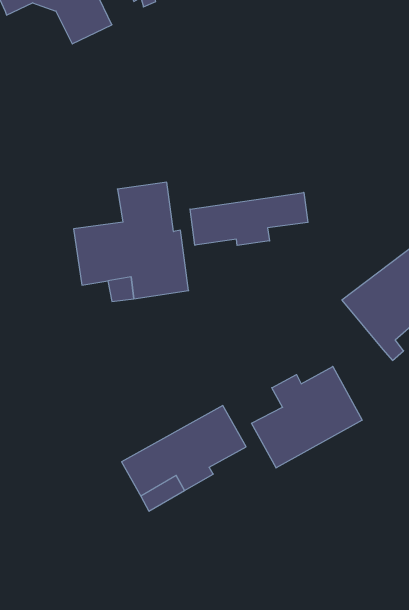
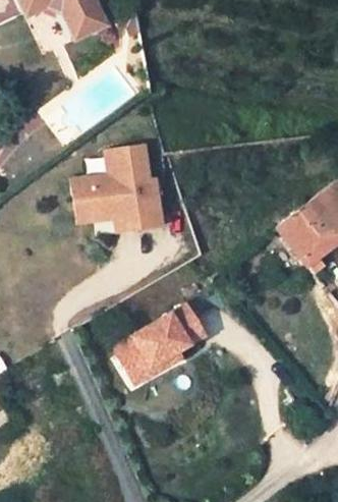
building: [190,192,308,245] -> none
building: [252,366,362,468] -> none

